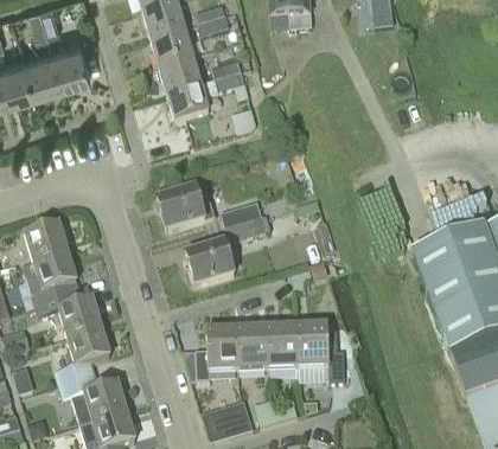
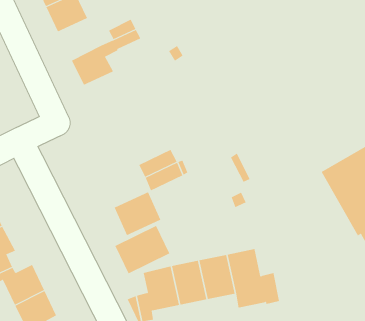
building: [158,51,200,92] -> none
building: [157,185,213,231] -> [115,225,170,274]

